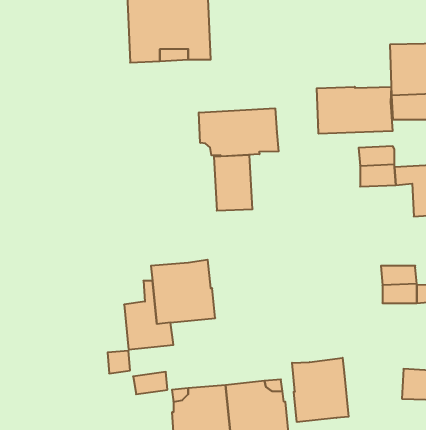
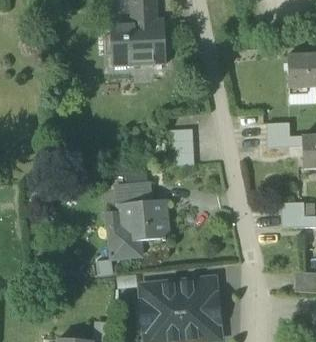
building: [317,87,393,134] -> none
building: [199,108,279,156] -> none
building: none -> [107,181,152,227]
building: [292,358,349,422] -> none

